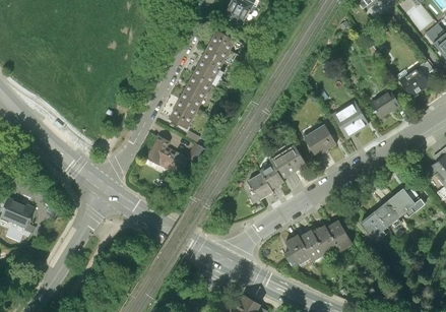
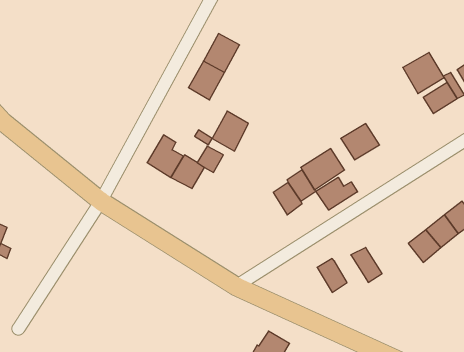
building: [204,30,234,62] -> none
building: [168,97,197,129] -> [212,111,248,151]
building: [334,104,368,137] -> [403,52,444,94]
building: none -> [316,177,358,210]
building: [325,221,353,251] -> none
building: [299,231,324,260] -> none

